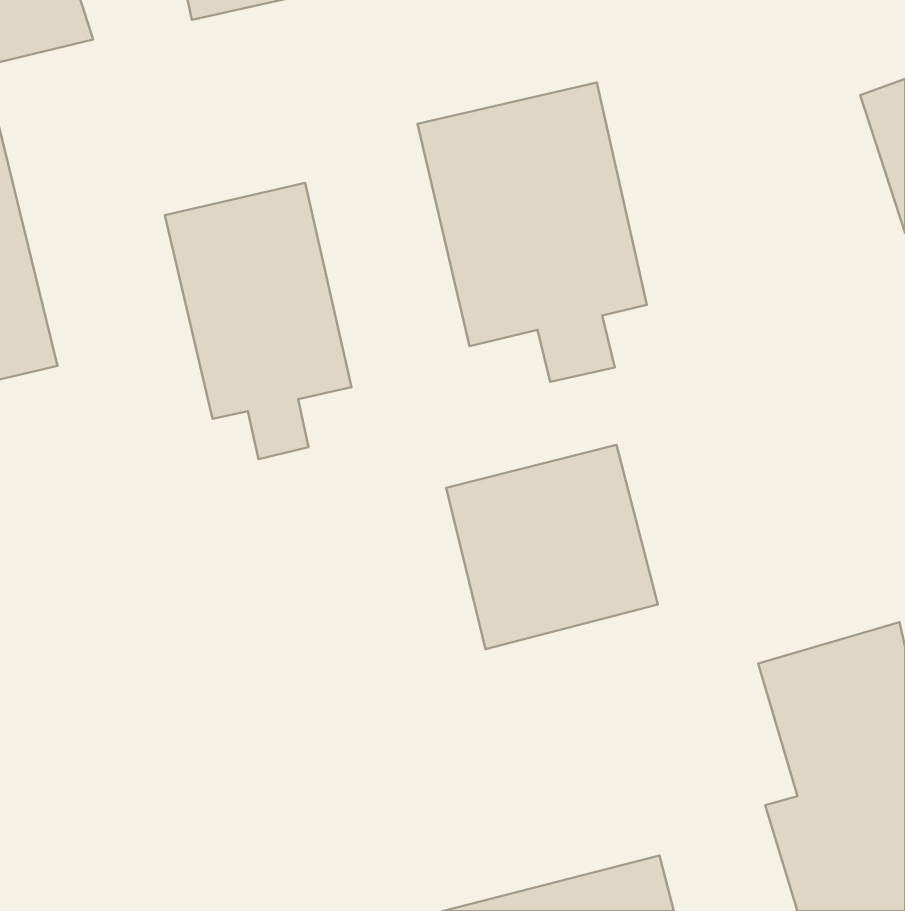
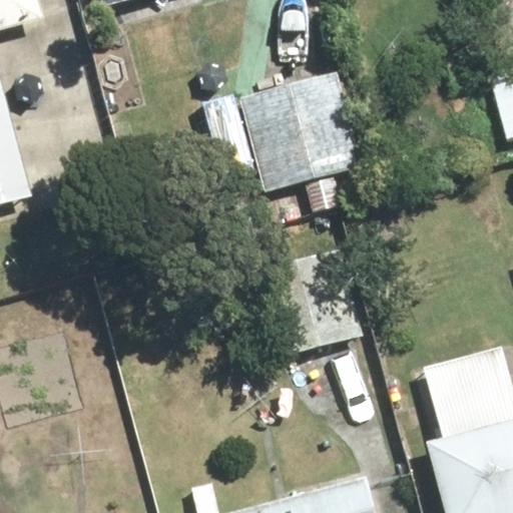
building: [165,183,352,459] -> none

